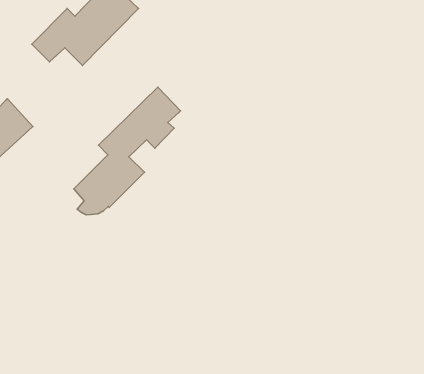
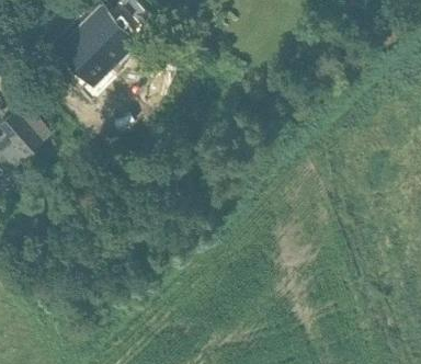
building: [74,87,180,215] -> none

